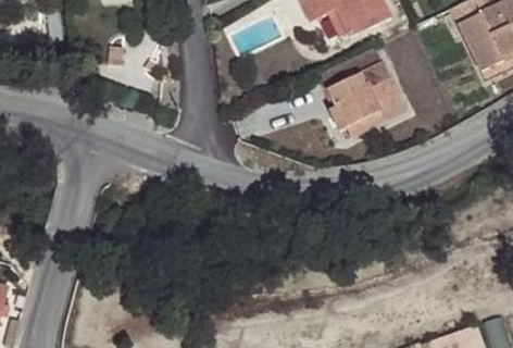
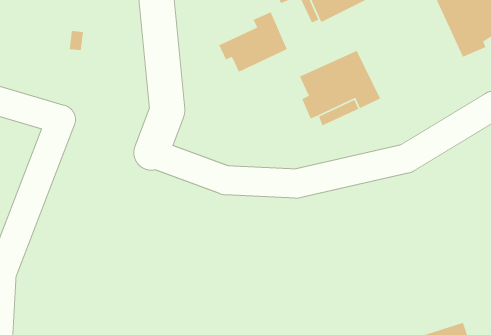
building: none -> [218,11,288,73]

